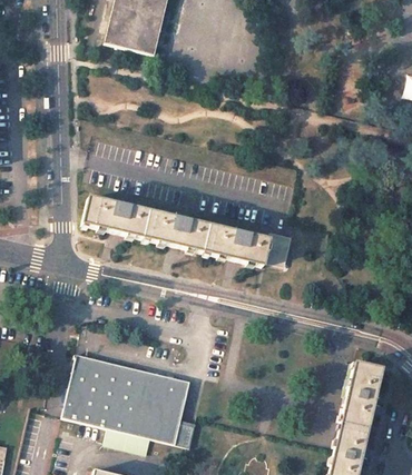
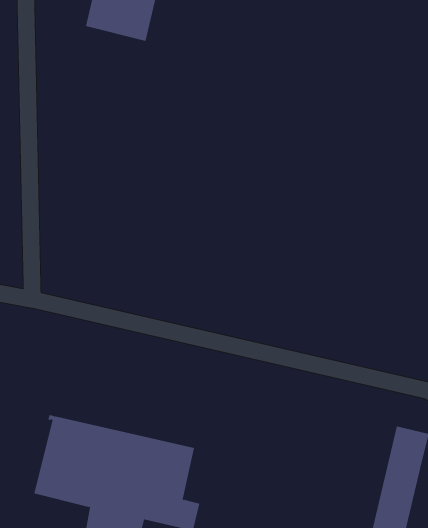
building: [81,198,291,266] -> none

